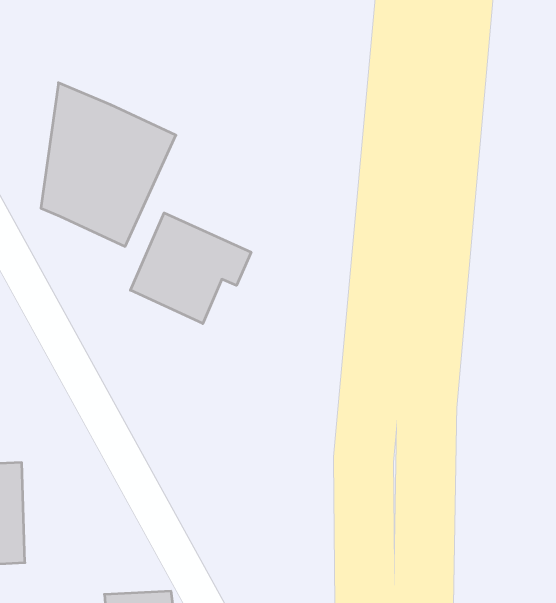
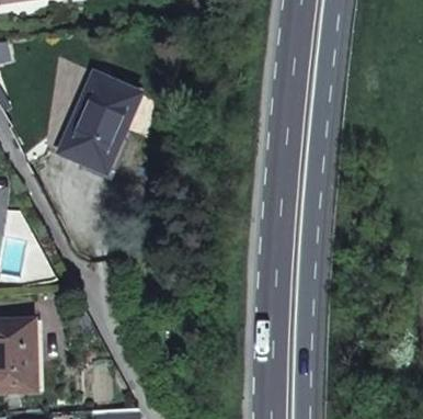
building: [130,213,251,324] -> none

